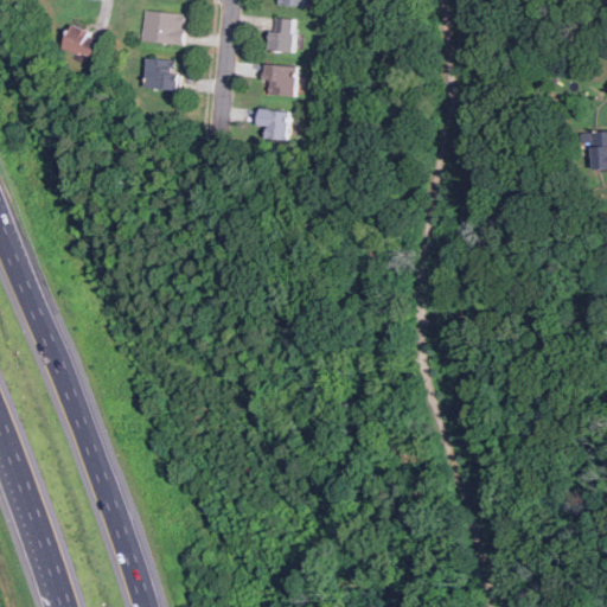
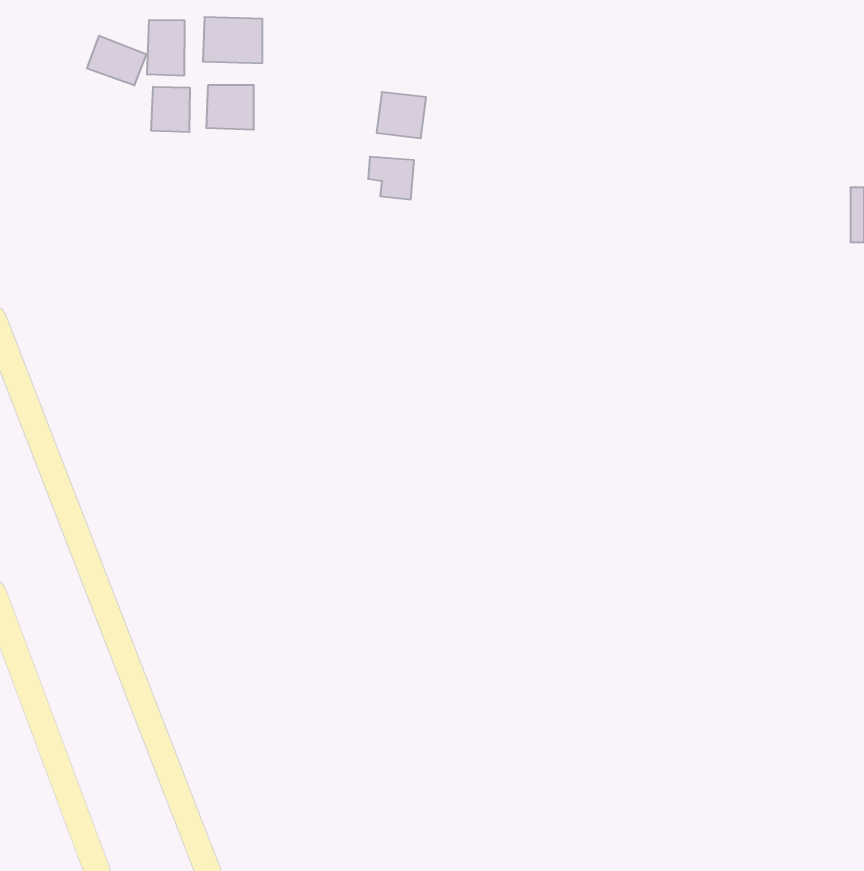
building: none -> [147,20,184,76]
building: [268,18,294,52] -> none
building: none -> [151,87,190,132]

